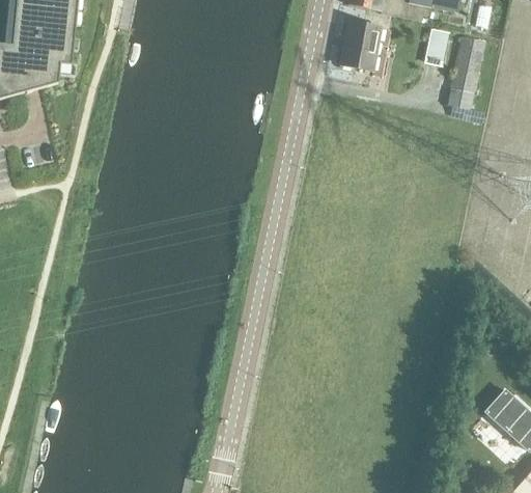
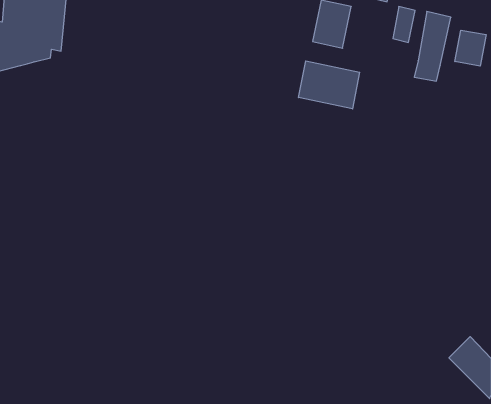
building: none -> [455,30,486,66]
building: none -> [299,61,360,109]

